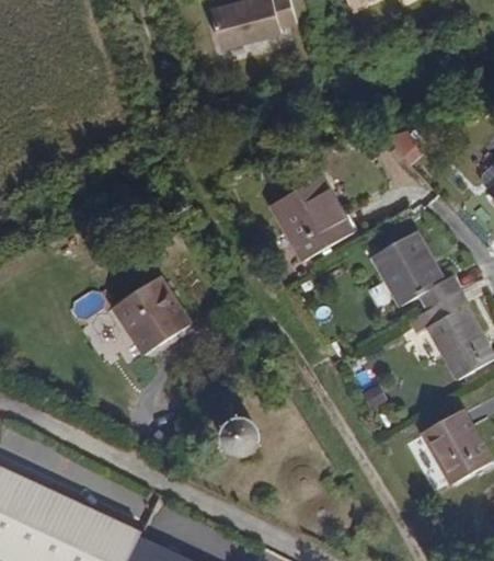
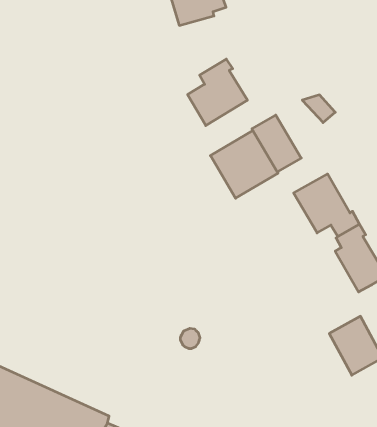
building: none -> [188,59,247,126]
building: none -> [252,115,301,172]
building: [111,280,189,359] -> none

